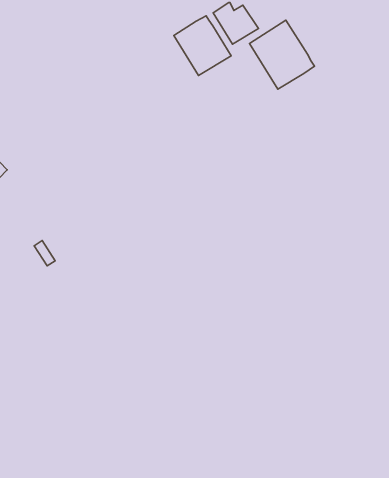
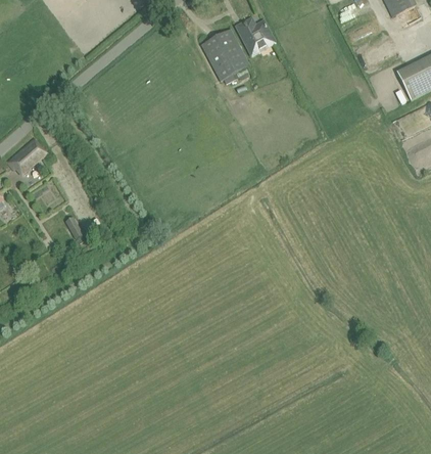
building: [249,20,314,89] -> none

